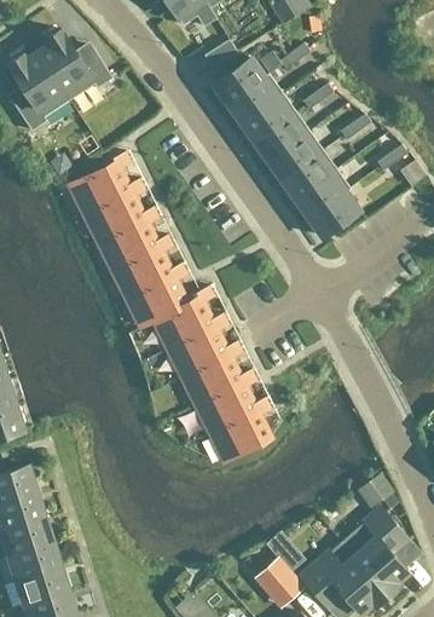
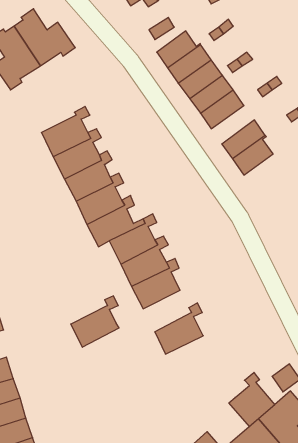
building: [283,150,337,198] -> none
building: [198,369,259,433] -> [71,296,119,347]
building: none -> [229,372,275,427]

